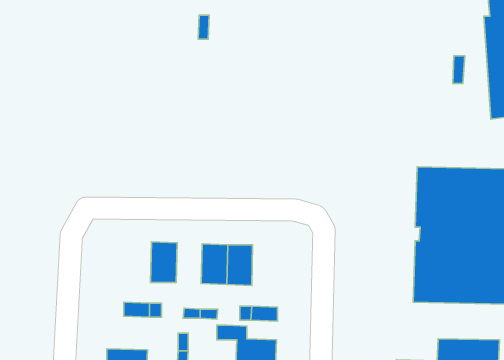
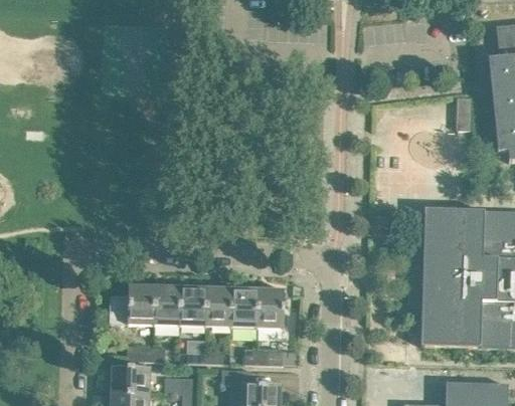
building: none -> [110,284,155,326]
building: none -> [180,285,206,327]
building: none -> [256,287,285,329]
building: none -> [110,366,151,394]

